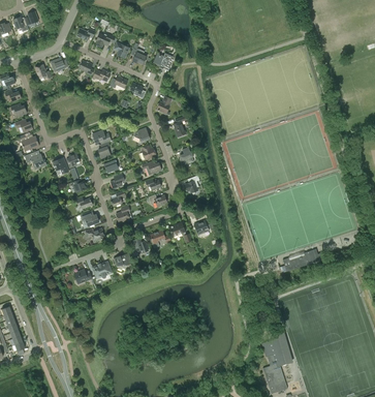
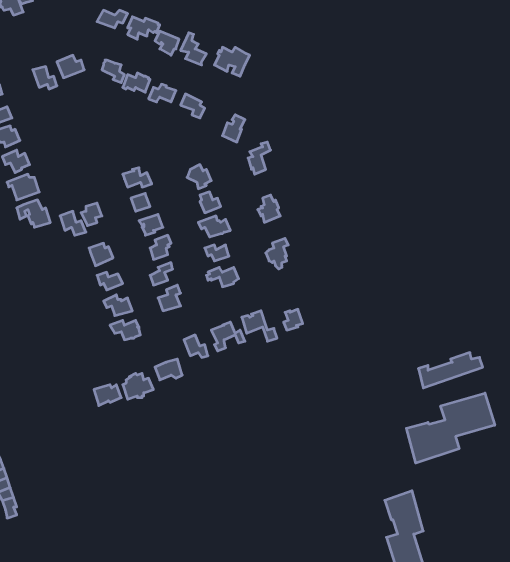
building: none -> [406,393,495,463]

